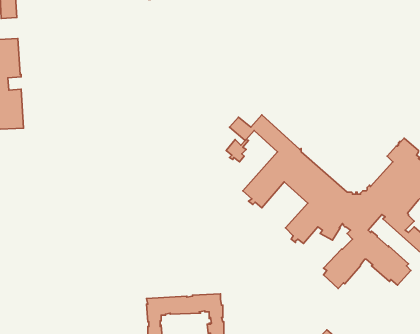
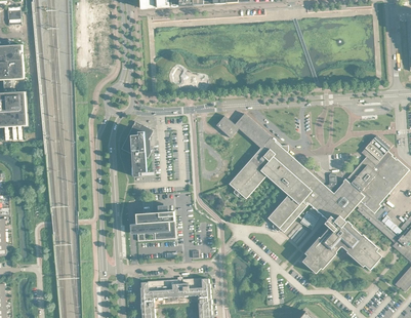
building: none -> [121,120,153,175]
building: none -> [136,210,176,240]

